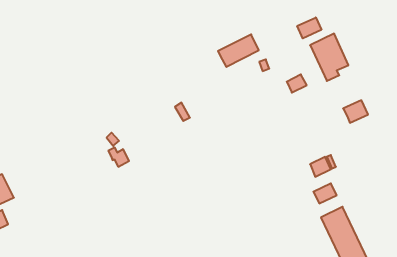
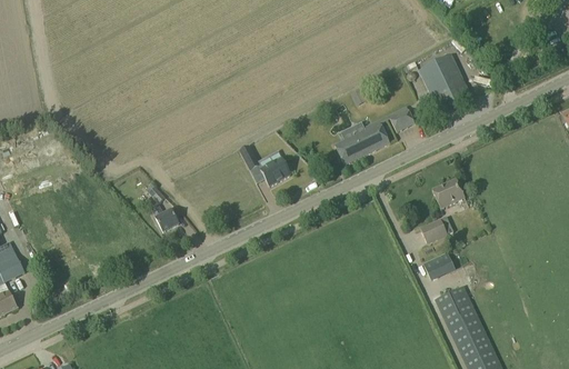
building: [297,17,321,38] -> none
building: [218,34,259,67] -> [335,120,389,163]
building: [343,100,368,123] -> [431,177,465,207]
building: none -> [259,156,291,185]

